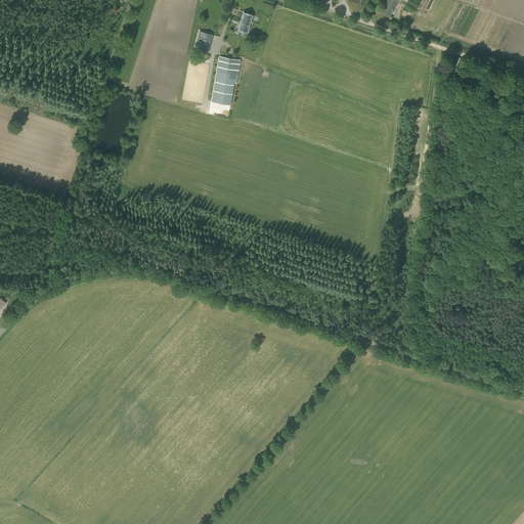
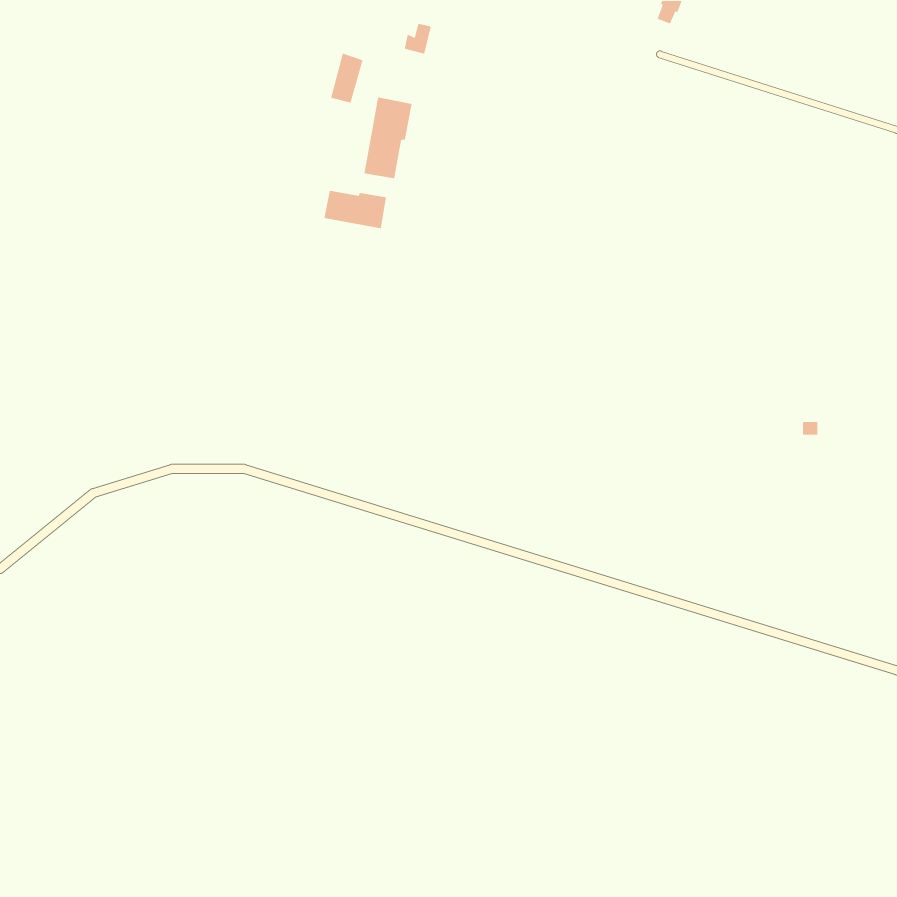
building: none -> [324,190,387,229]

